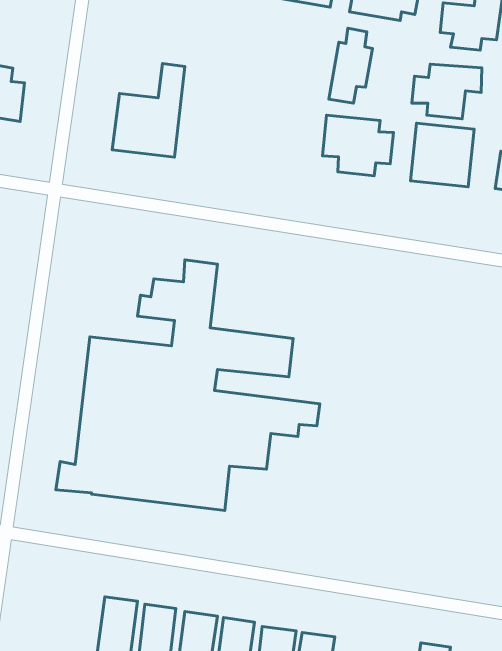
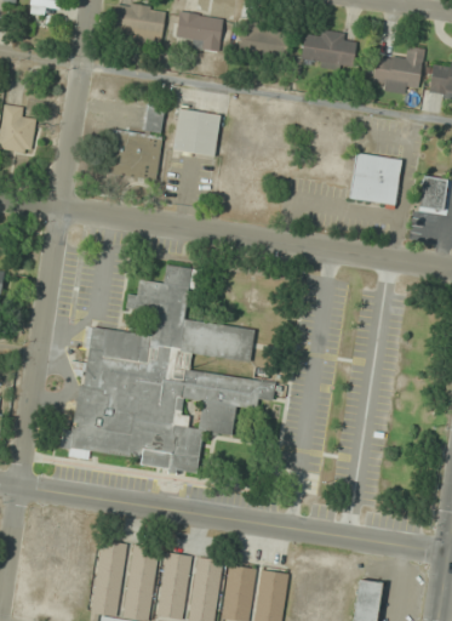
building: [329,28,372,103] -> none
building: [412,64,482,119] -> none
building: none -> [171,108,221,158]
building: [323,115,393,176] -> none

